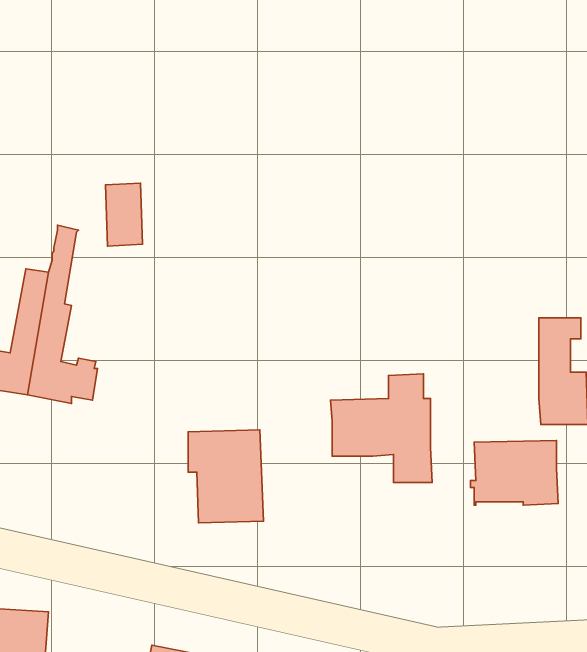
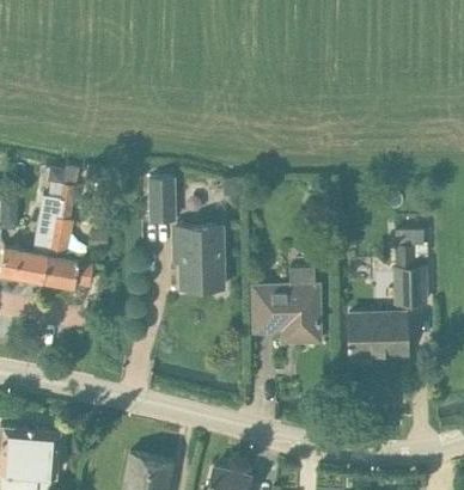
building: [106,183,142,246] -> [148,178,173,221]
building: [188,430,263,523] -> [172,226,224,289]

